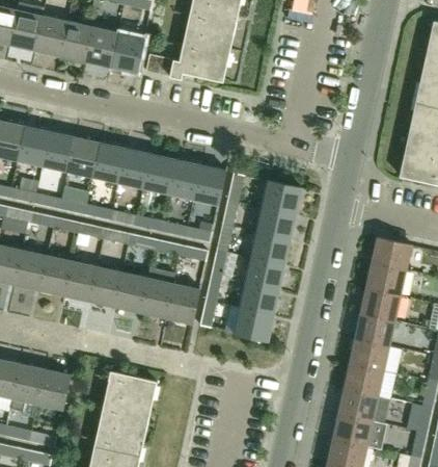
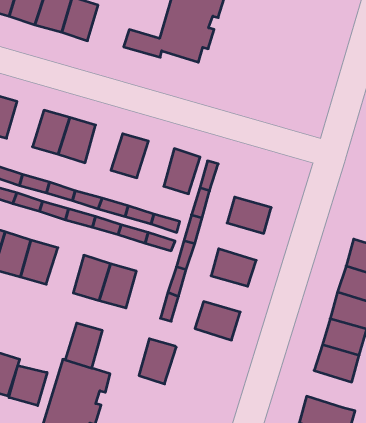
building: [112,33,144,73] -> none
building: [43,130,76,172] -> none
building: [118,147,152,188] -> none
building: [168,158,201,200] -> none
building: [262,180,303,212] -> none
building: [250,230,292,263] -> none
building: [90,265,124,307] -> [65,323,102,368]
building: [240,281,280,313] -> none
building: [167,282,200,323] -> [139,339,176,384]
building: [344,363,385,396] -> none
building: none -> [9,366,47,406]

